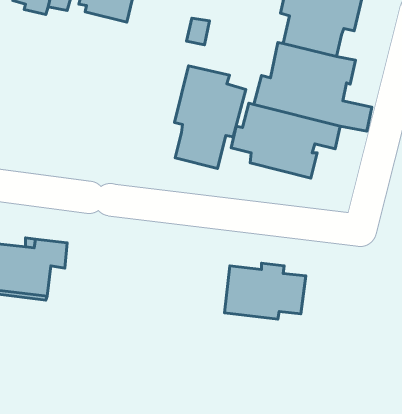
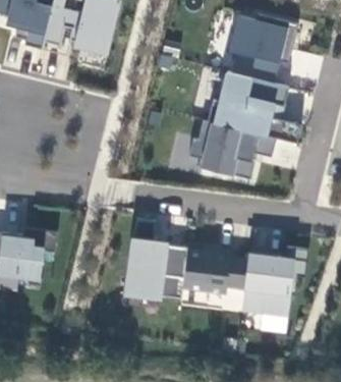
building: [174,66,246,168] -> none
building: none -> [125,218,189,298]
building: none -> [243,247,309,316]

